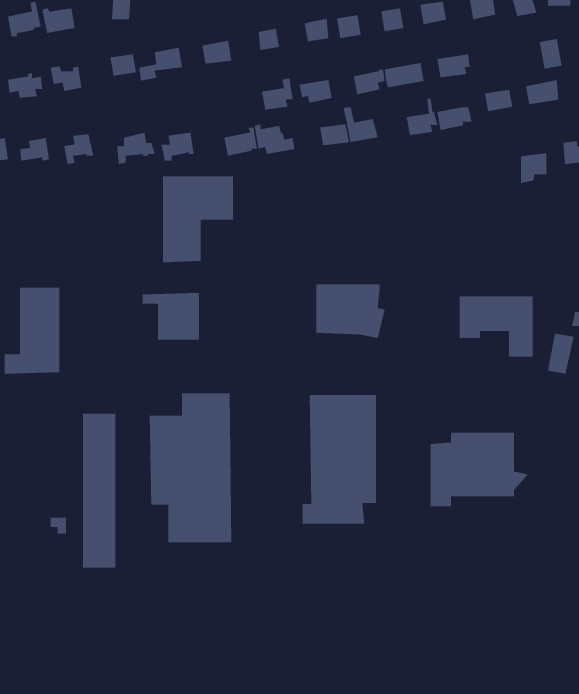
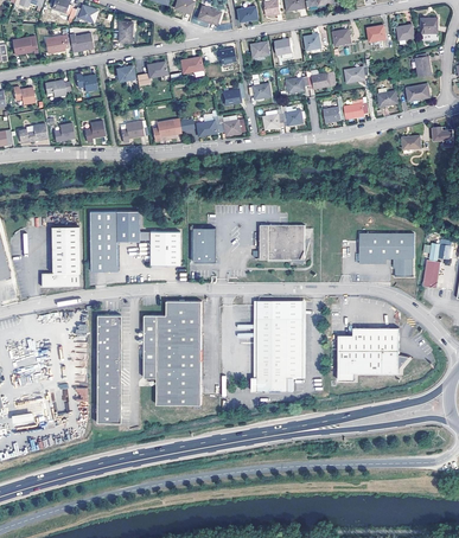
building: [162,176,234,263] -> [89,211,139,271]
building: none -> [192,226,215,261]

